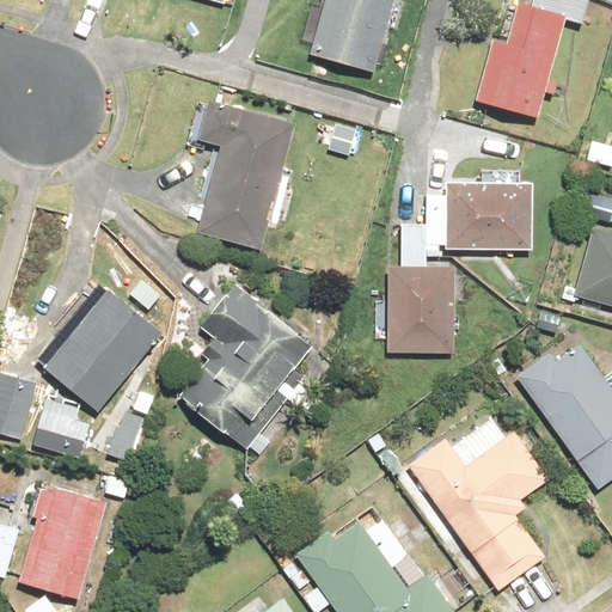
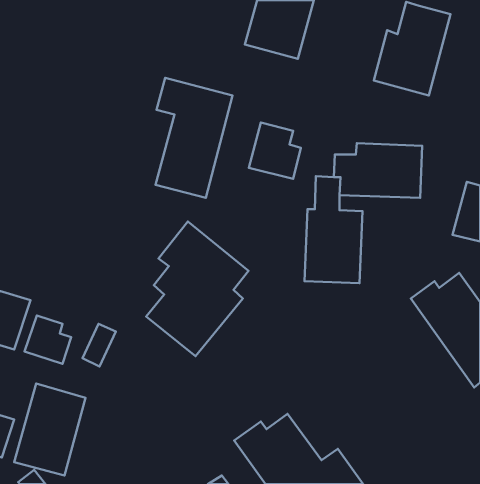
building: none -> [249,122,301,179]
building: [36,281,164,411] -> none
building: [405,432,546,592] -> none

